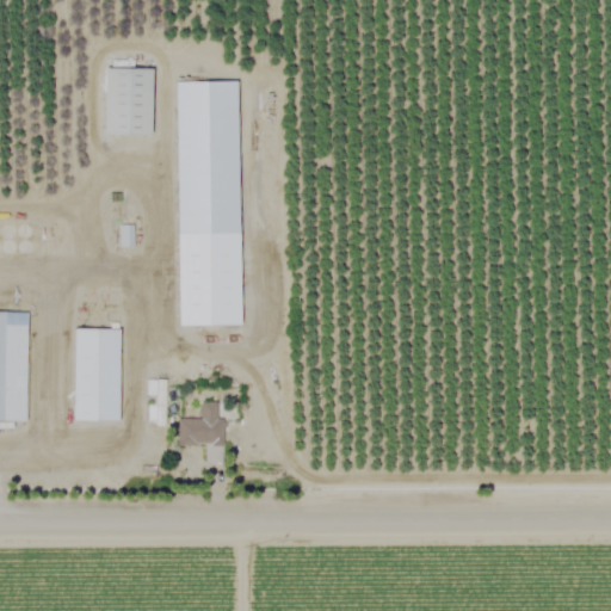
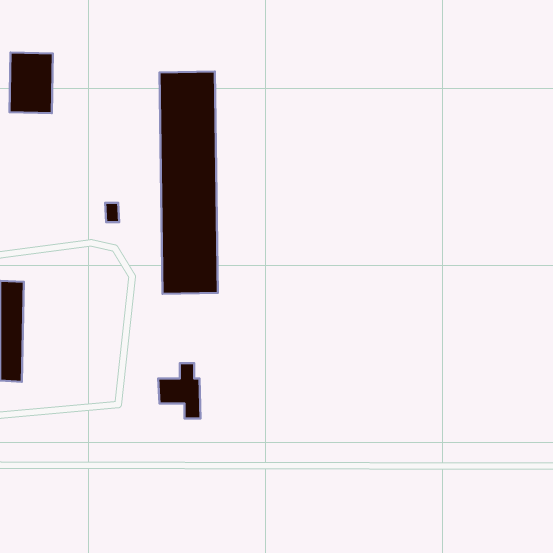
building: [105,67,153,134] -> [10,52,53,113]
building: [74,328,119,420] -> none

